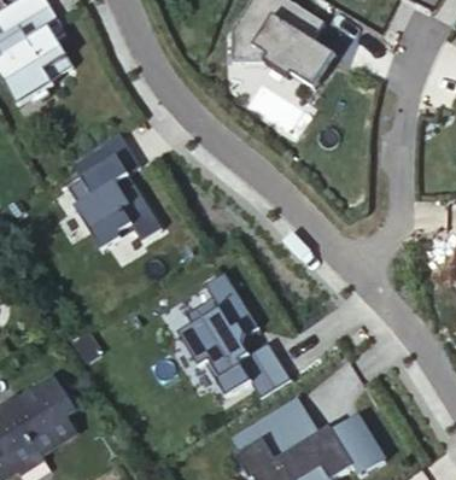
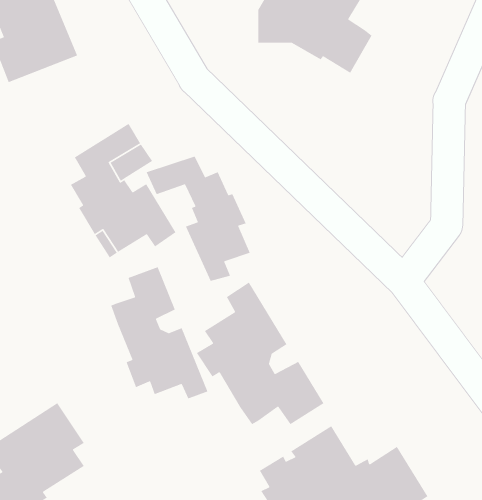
building: none -> [146,156,251,282]
building: none -> [110,266,209,400]

